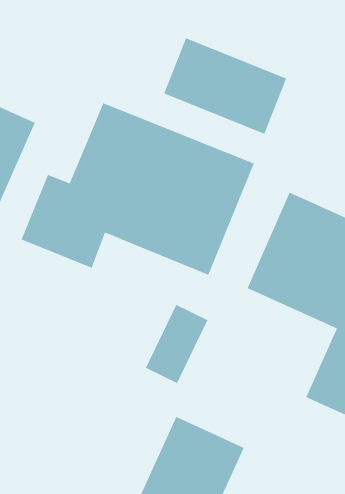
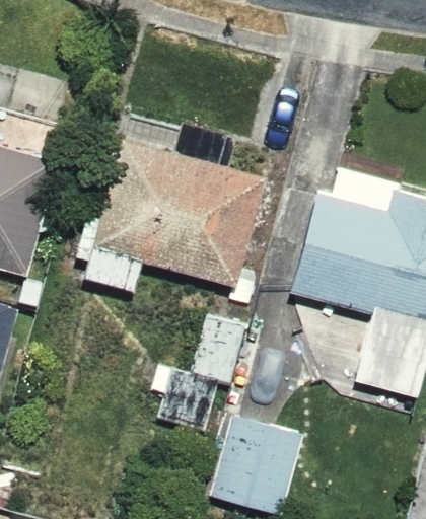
building: [163,37,287,135] -> none

